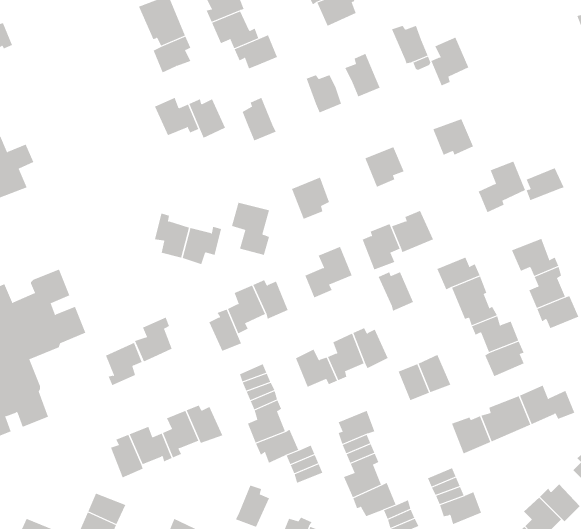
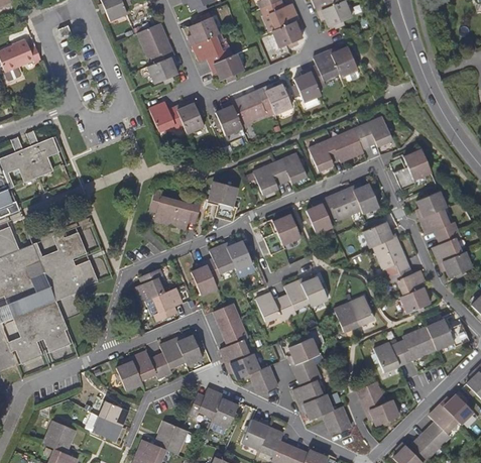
building: [431,37,469,86] -> [310,50,339,88]
building: none -> [231,88,271,124]
building: none -> [331,126,368,161]
building: none -> [275,153,306,183]
building: [526,168,564,201] -> [416,193,446,218]
building: [378,271,414,311] -> [351,184,378,214]
building: [105,342,143,386] -> [152,287,181,321]
building: none -> [189,388,222,418]

